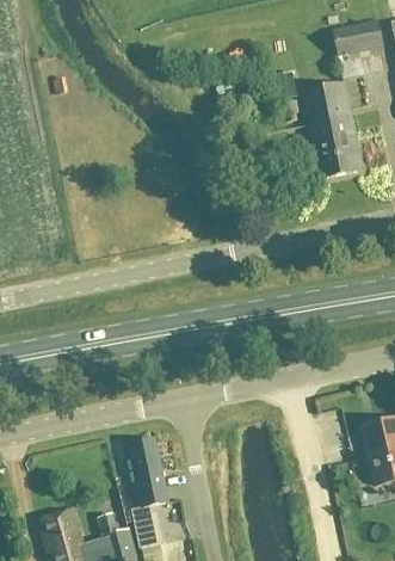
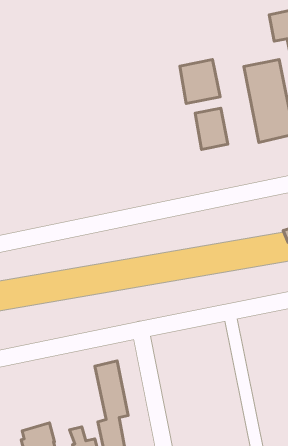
building: none -> [180,60,220,104]
building: none -> [195,108,228,149]

